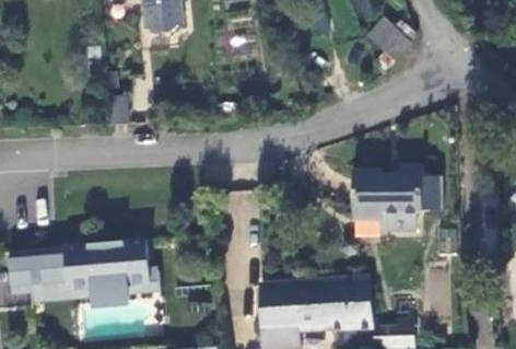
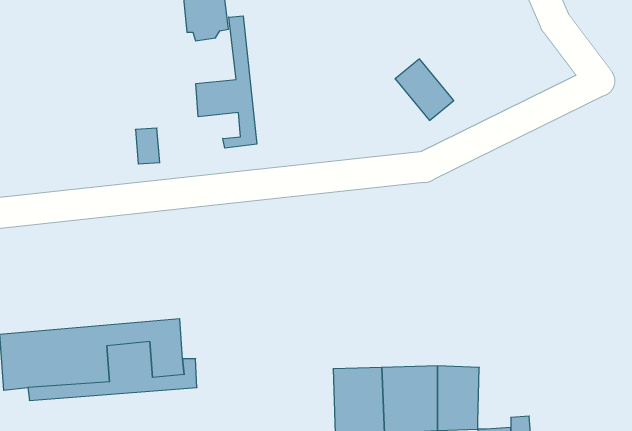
building: [367,12,412,59] -> [395,59,454,120]
building: none -> [196,16,257,148]
building: [349,165,437,231] -> none

